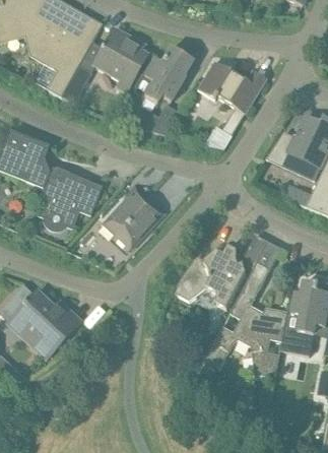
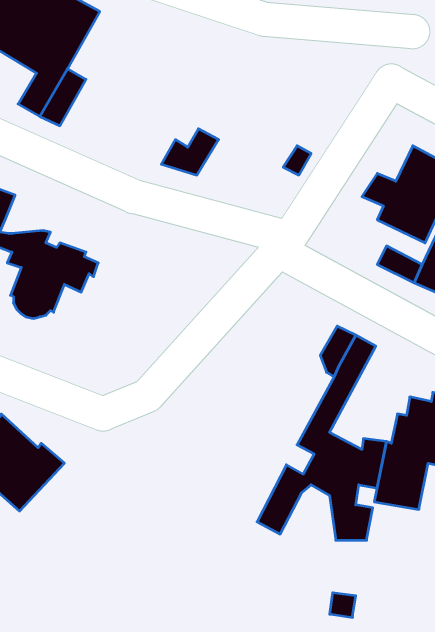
building: [91,33,147,91] -> none
building: [143,48,192,103] -> none
building: [197,61,265,113] -> none
building: [105,182,160,249] -> none
building: [176,245,246,308] -> none

